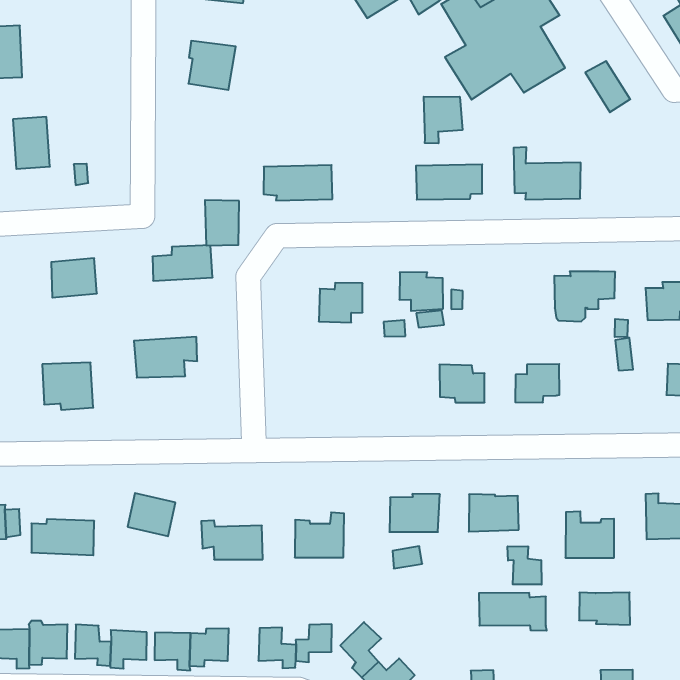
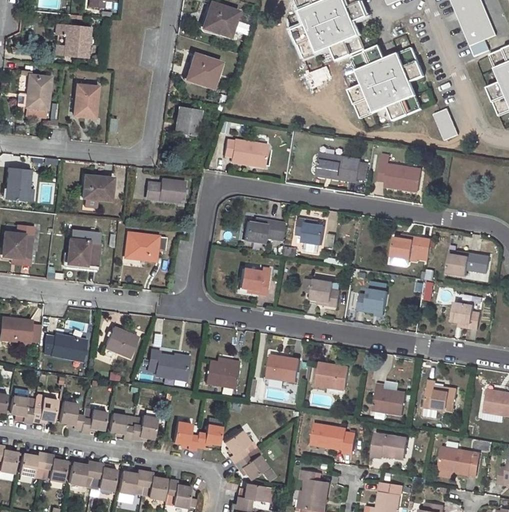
building: [424,97,462,143] -> none
building: [205,200,239,245] -> [175,104,200,135]
building: none -> [240,266,271,295]
building: [508,546,542,585] -> none

